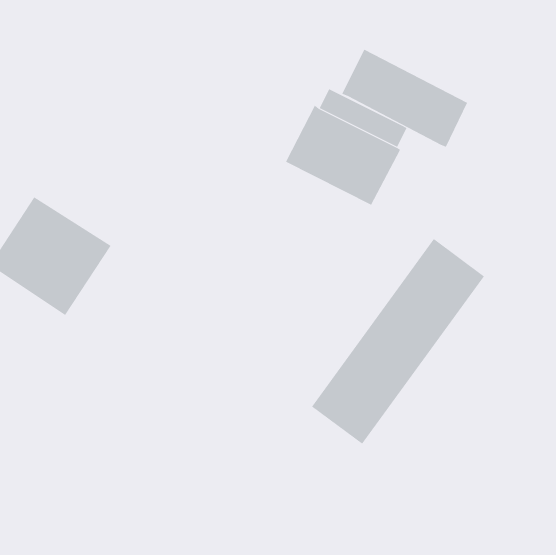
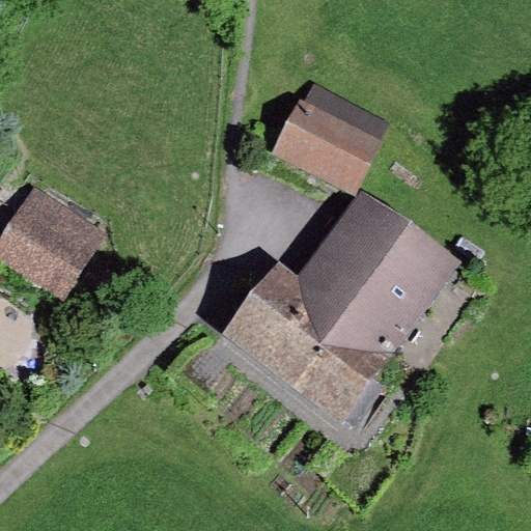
building: [341,49,468,148] -> none
building: none -> [224,189,412,386]

